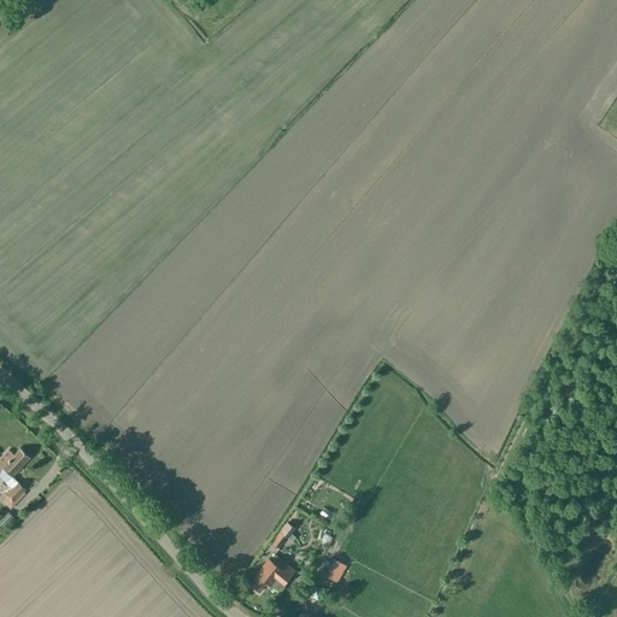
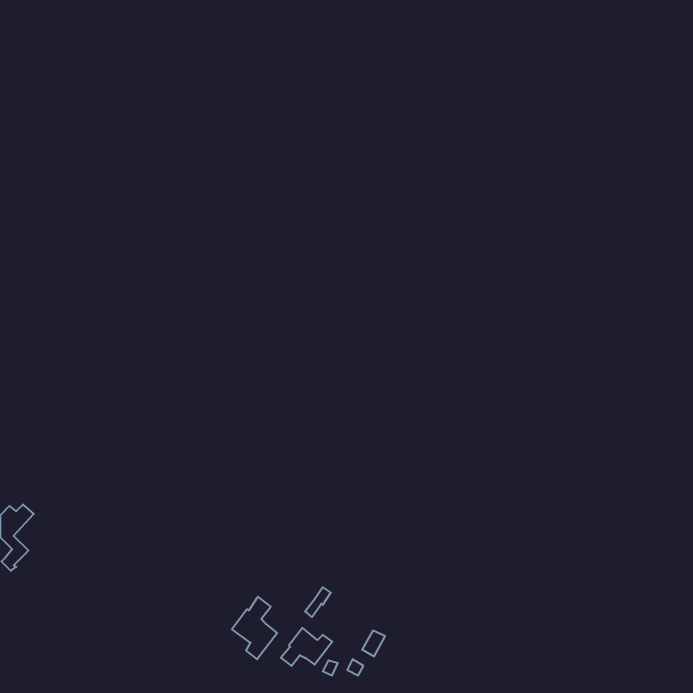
building: none -> [232,597,277,659]

